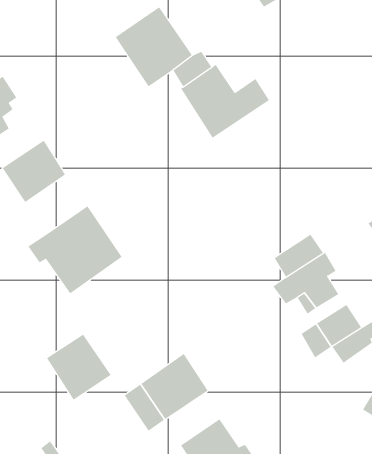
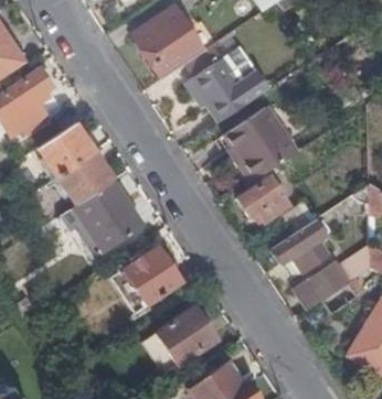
building: none -> [226,107,298,183]
building: none -> [59,153,113,203]
building: none -> [237,177,287,222]
building: [46,334,112,401] -> [125,248,181,305]

